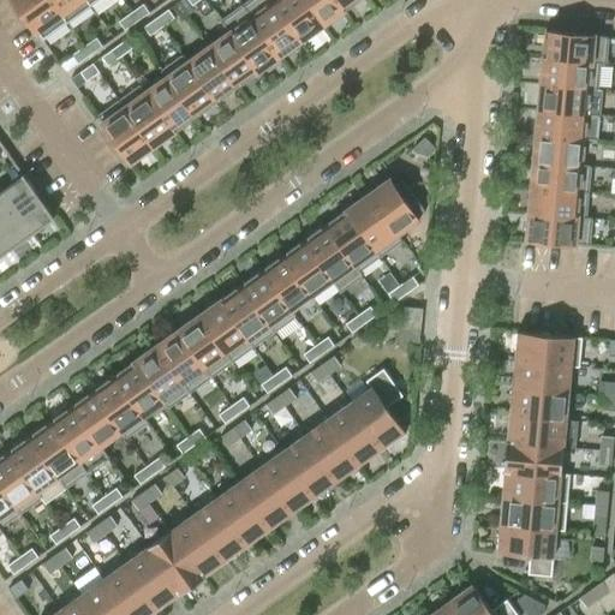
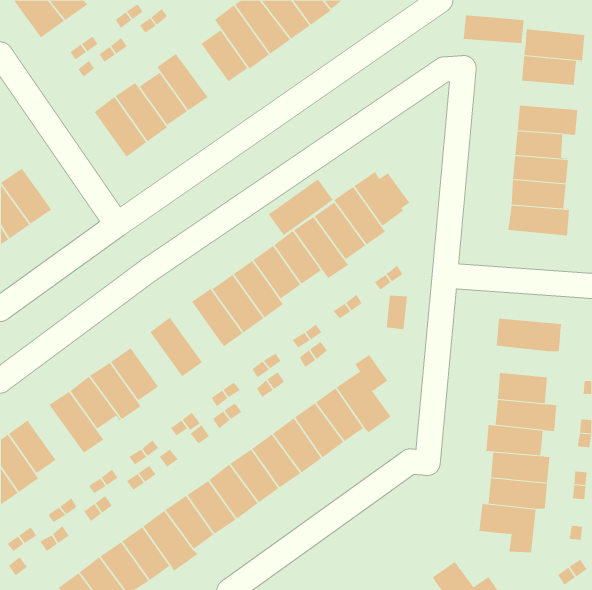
building: [183,47,237,102] -> none
building: [538,85,602,115] -> [463,15,524,44]
building: none -> [268,178,334,236]
building: [177,315,232,377] -> none
building: [135,346,189,407] -> none
building: [514,360,571,393] -> none
building: [29,422,86,488] -> none

